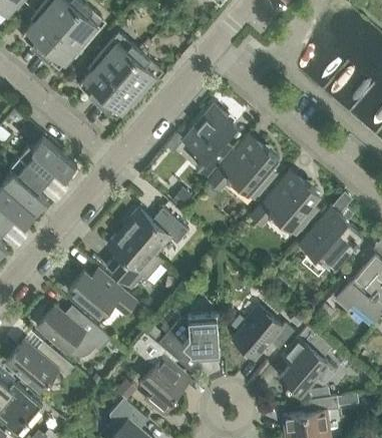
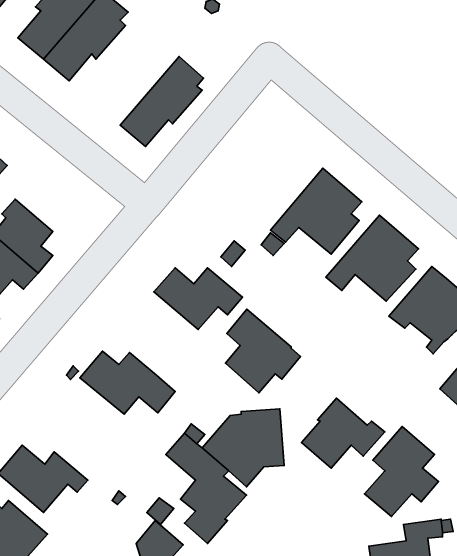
building: [78,35,141,102] -> none
building: [182,104,237,175] -> none
building: [19,136,76,181] -> none
building: [106,227,162,289] -> [225,309,301,393]
building: [36,306,110,358] -> none

